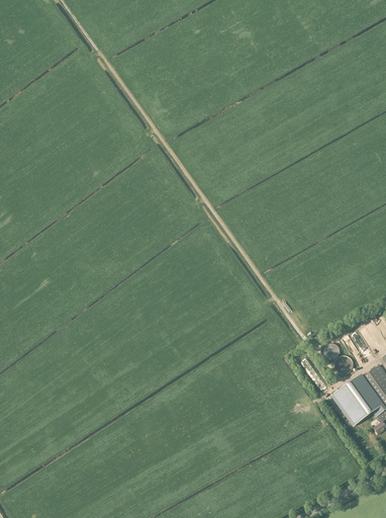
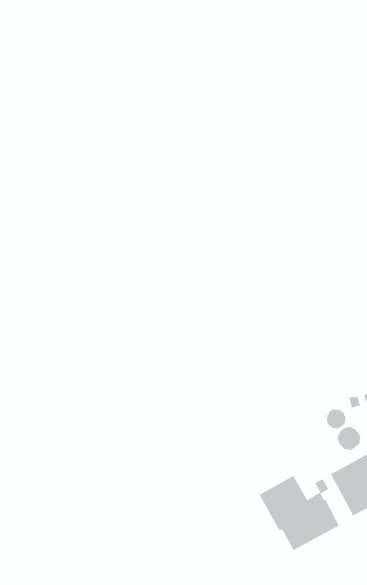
building: none -> [259,475,339,551]

